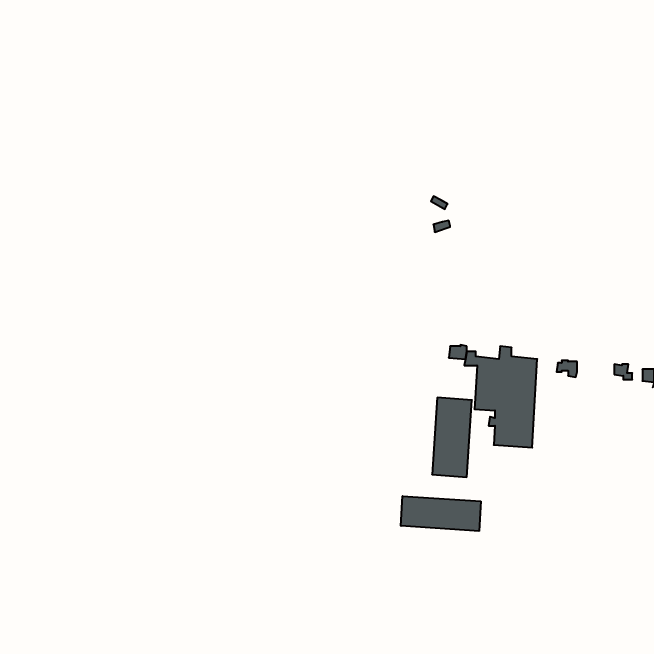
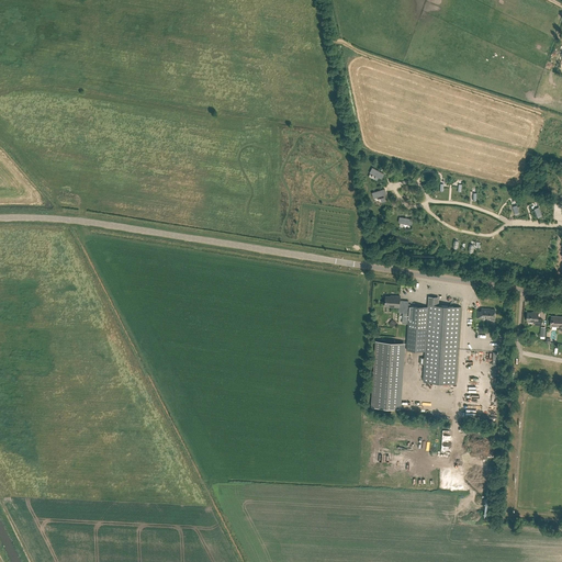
building: [401,496,481,531] -> none

